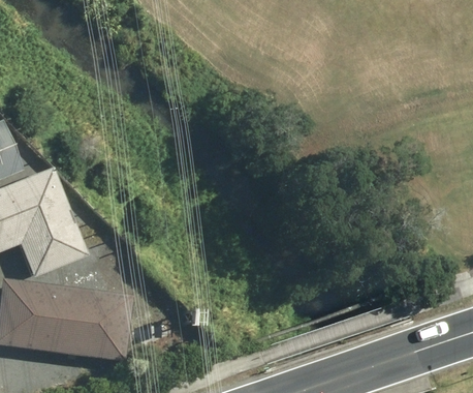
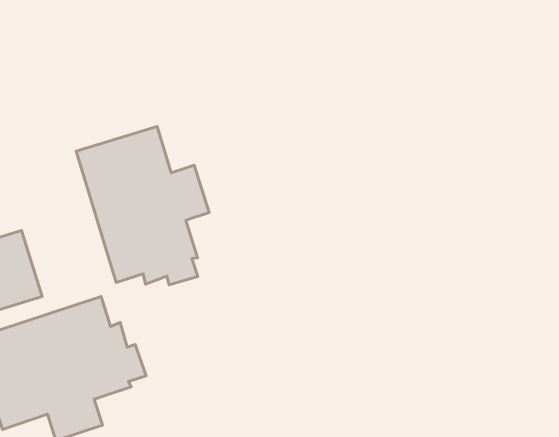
building: none -> [76,127,209,285]

